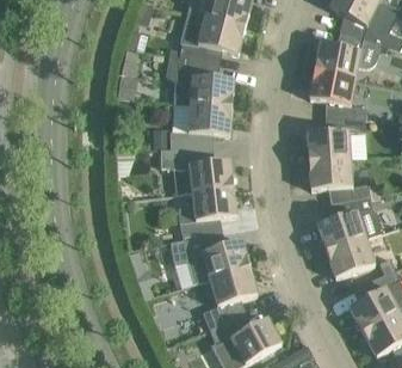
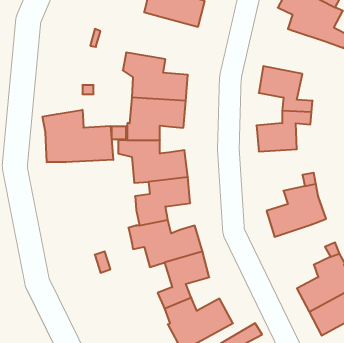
building: [168,13,245,63] -> none
building: [314,33,379,79] -> none
building: none -> [43,110,113,162]
building: [309,159,352,190] -> none
building: [326,239,375,278] -> none

